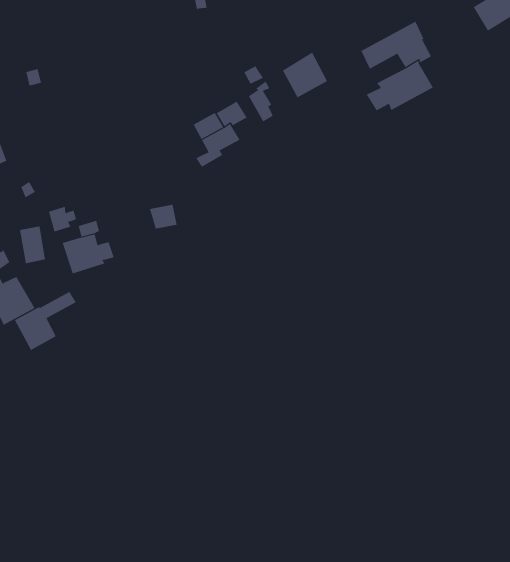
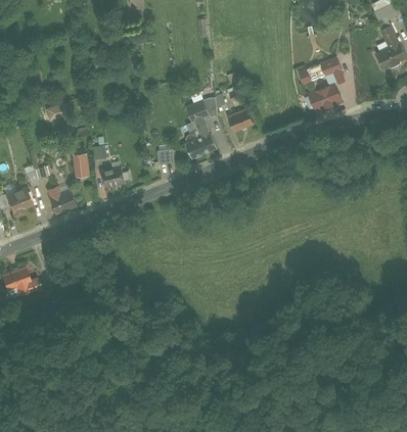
building: [282,52,328,98] -> [225,106,253,134]
building: none -> [184,125,216,158]
building: [14,291,76,351] -> none

